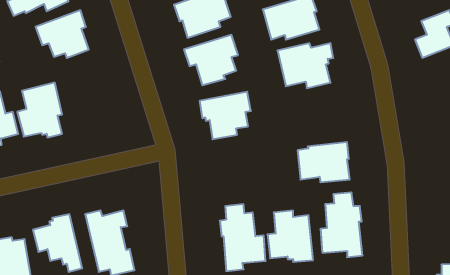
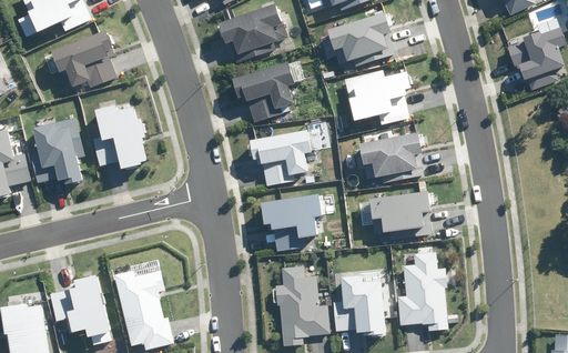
building: none -> [94,103,149,168]
building: none -> [362,131,426,181]
building: none -> [264,192,324,251]

